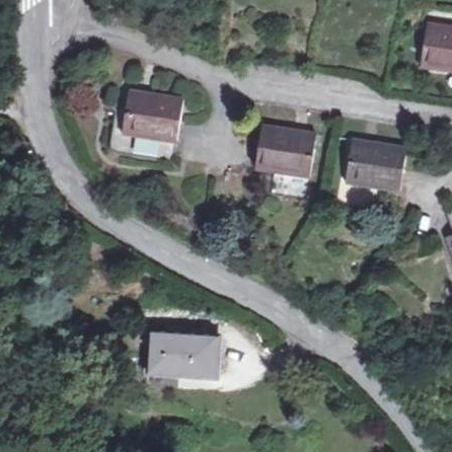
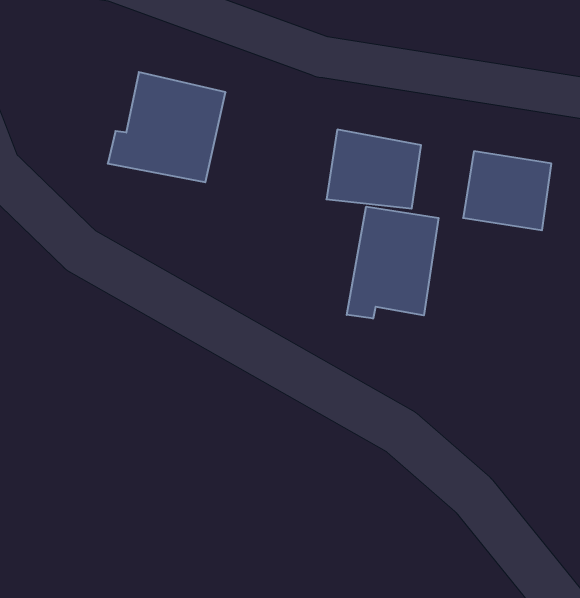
building: none -> [347,207,439,319]
building: [139,321,219,381] -> none

